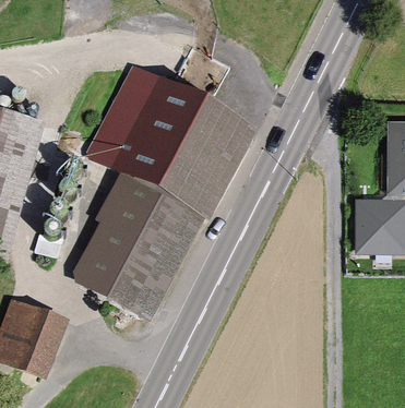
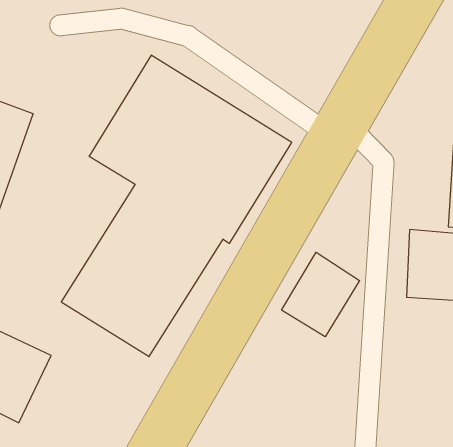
building: none -> [282,252,360,337]

